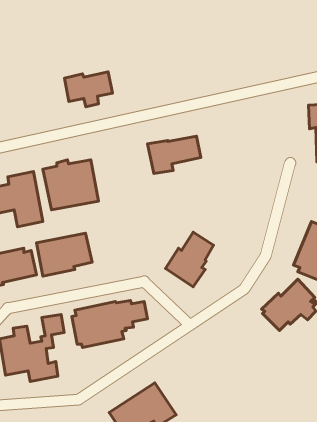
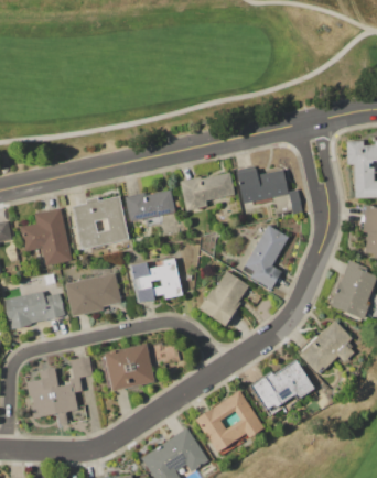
building: [65,72,112,107] -> [126,189,175,226]
building: none -> [236,165,303,214]
building: none -> [241,225,289,287]
building: none -> [130,257,183,304]
building: none -> [249,359,315,417]
building: none -> [195,389,265,459]

